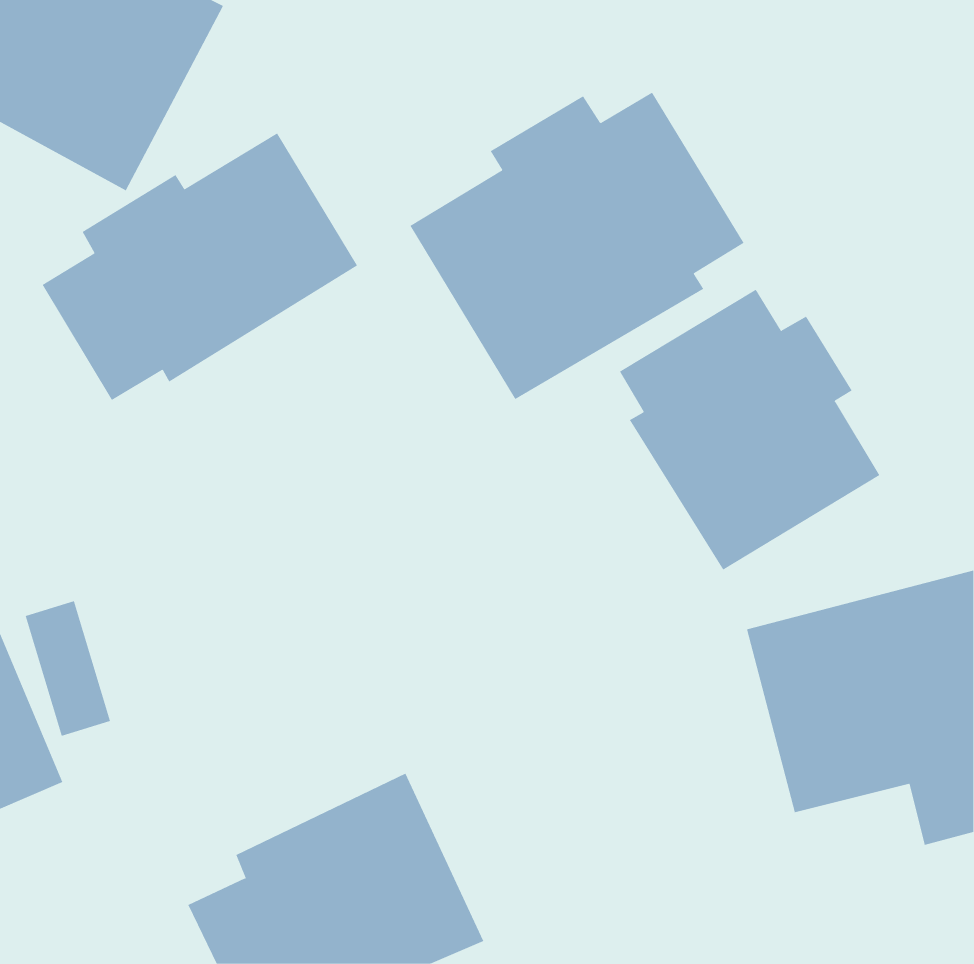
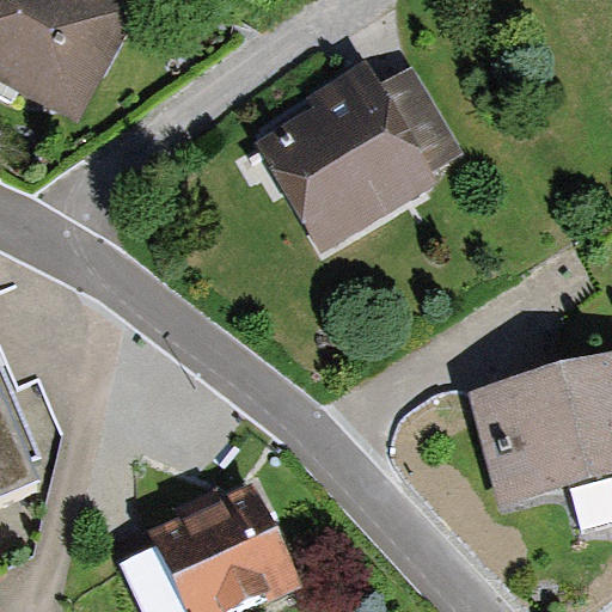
building: [42,133,358,401] -> none
building: [619,289,880,570] -> none

